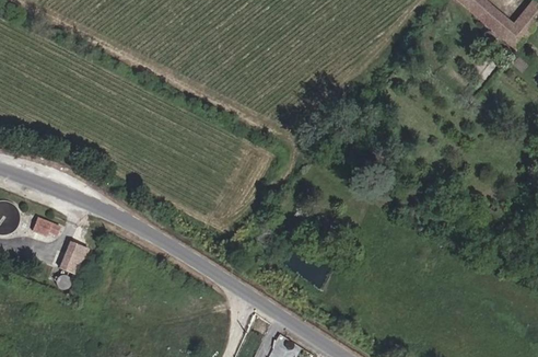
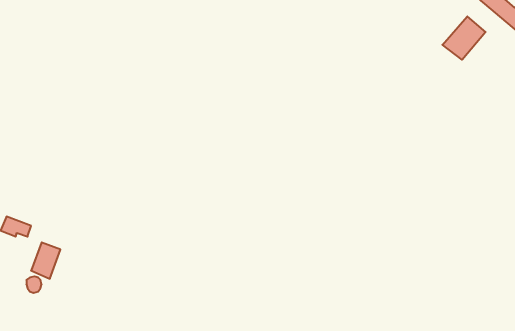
building: none -> [442,16,486,60]

